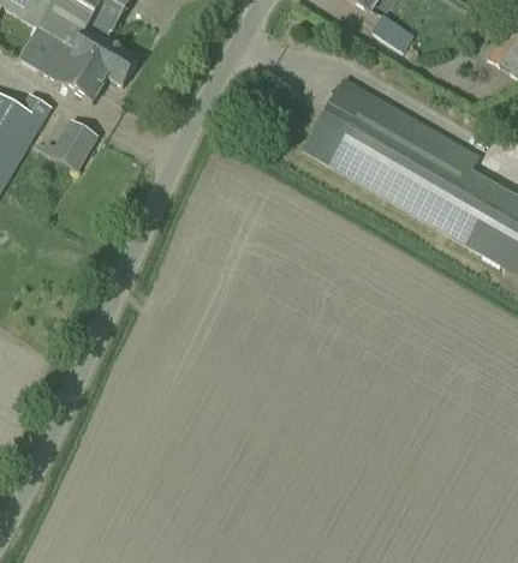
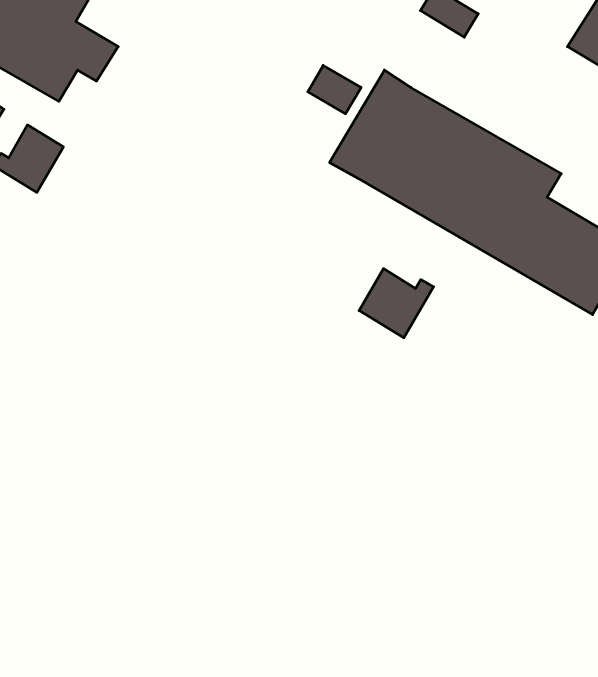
building: none -> [308,65,361,114]
building: none -> [359,269,434,338]

